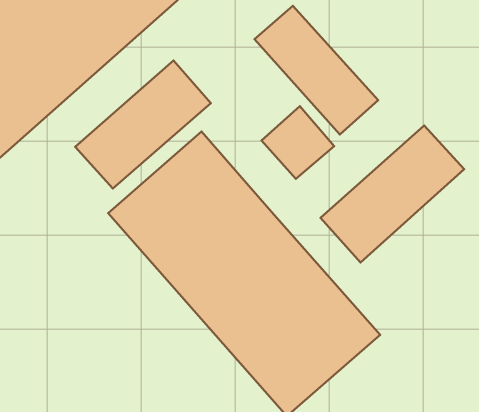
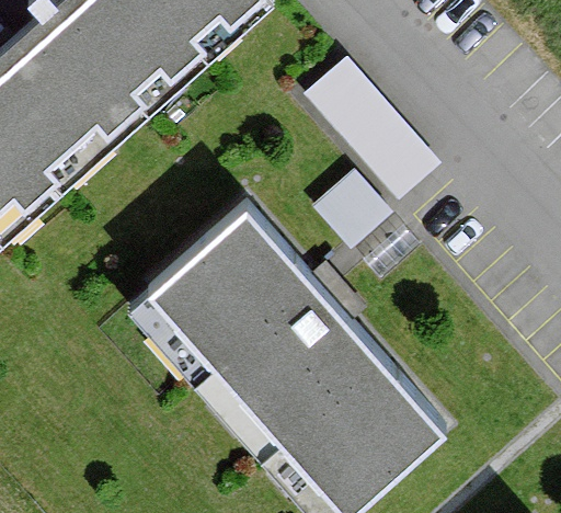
building: [75,60,211,188] -> none
building: [320,126,464,262] -> none

